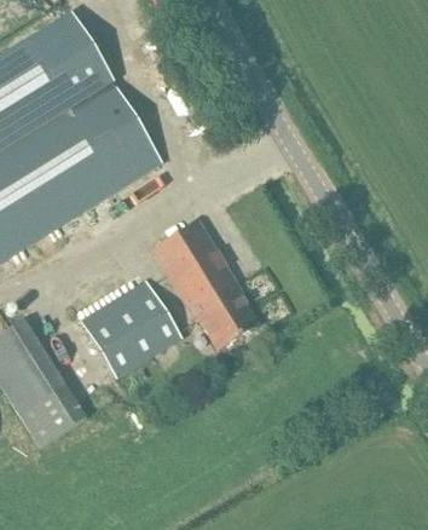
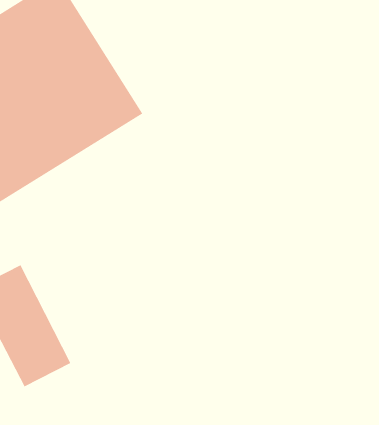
building: [152,218,259,348] -> none
building: [87,287,181,375] -> none

